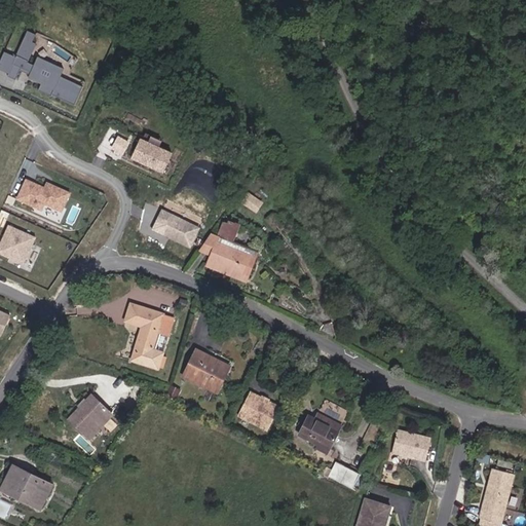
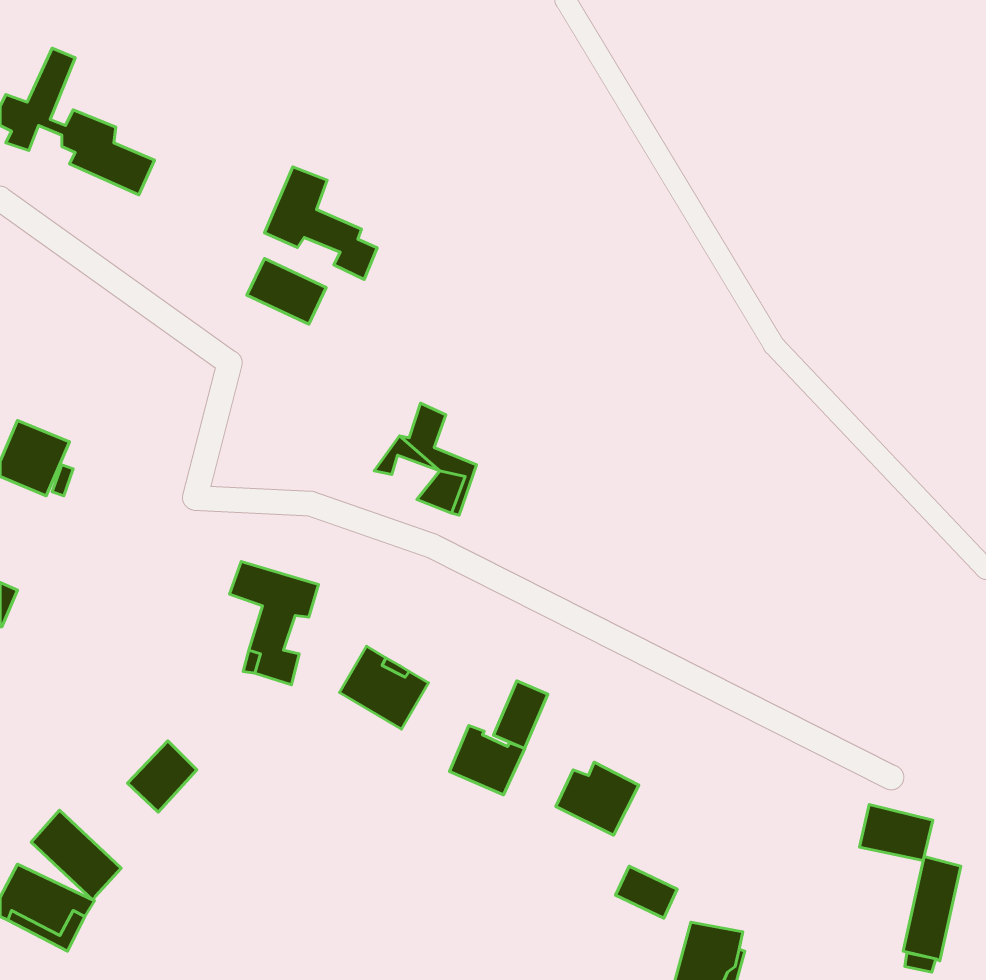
building: none -> [264,167,377,280]
building: [13,181,72,217] -> none
building: [152,213,200,252] -> none
building: [205,246,234,269] -> none
building: none -> [494,681,548,748]
building: [390,422,429,452] -> [860,805,933,861]
building: none -> [31,810,121,900]

